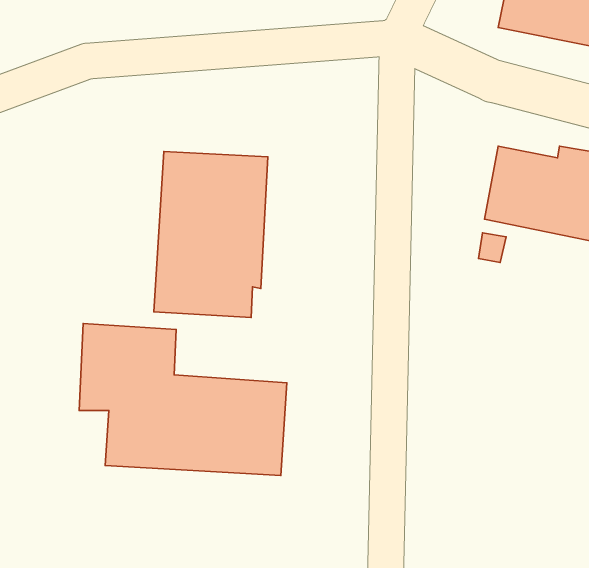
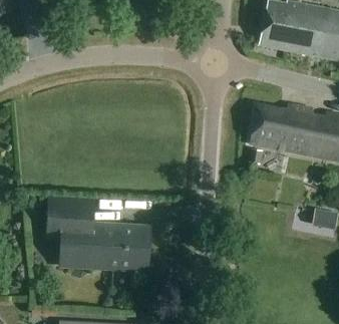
building: [154,152,268,317] -> none

